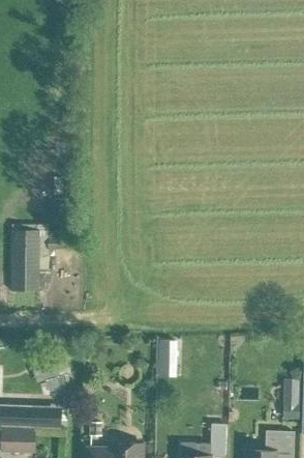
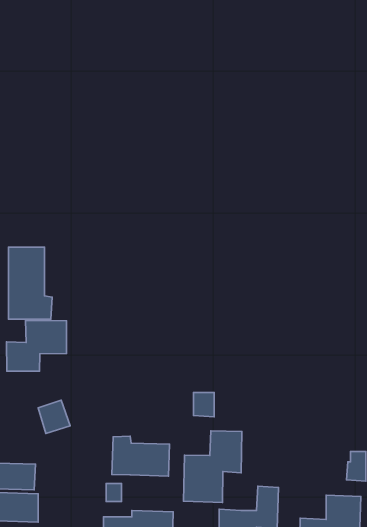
building: none -> [7,321,66,371]
building: none -> [184,431,242,502]
building: none -> [112,436,169,476]

